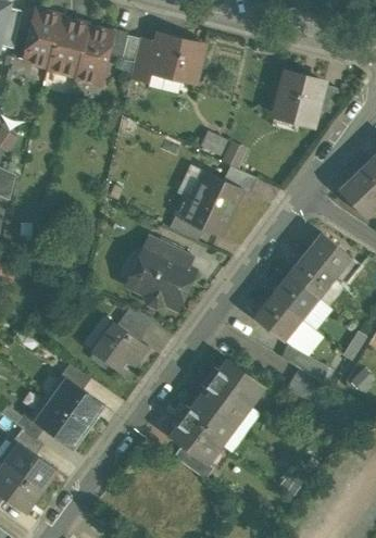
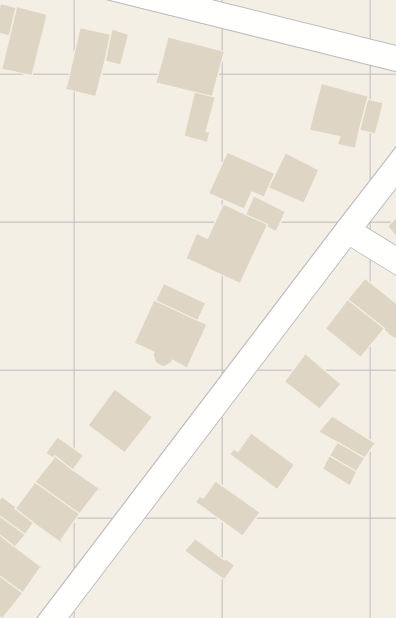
building: [47,18,88,75] -> none
building: [130,40,156,82] -> [184,92,216,142]
building: none -> [268,153,319,203]
building: [272,274,317,320] -> none
building: [117,308,155,341] -> none
building: [198,377,249,425] -> none
building: [170,416,221,464] -> none

